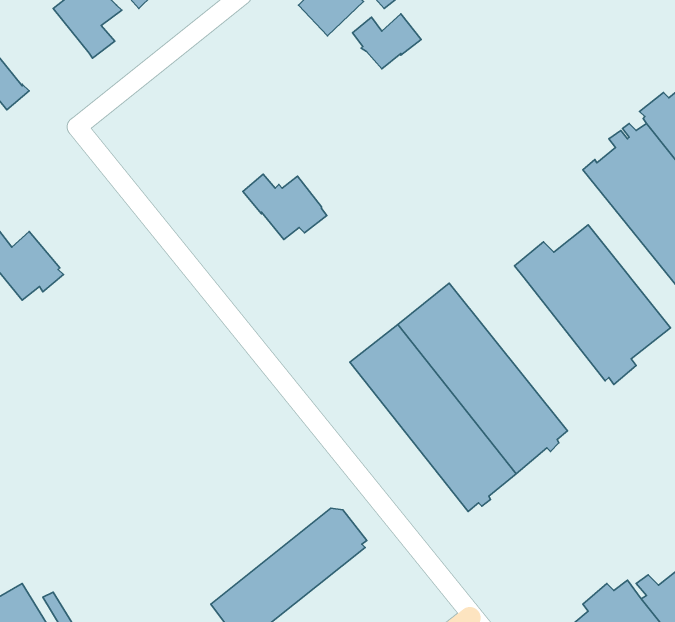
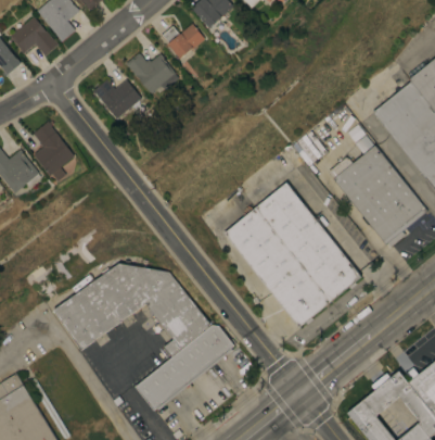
building: [353,14,421,69] -> [161,22,204,56]
building: none -> [9,15,59,54]
building: none -> [92,78,141,117]
building: [243,174,327,240] -> [125,51,178,92]
building: none -> [34,122,75,181]
building: none -> [54,263,210,355]

